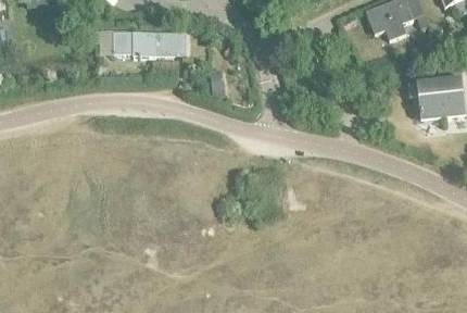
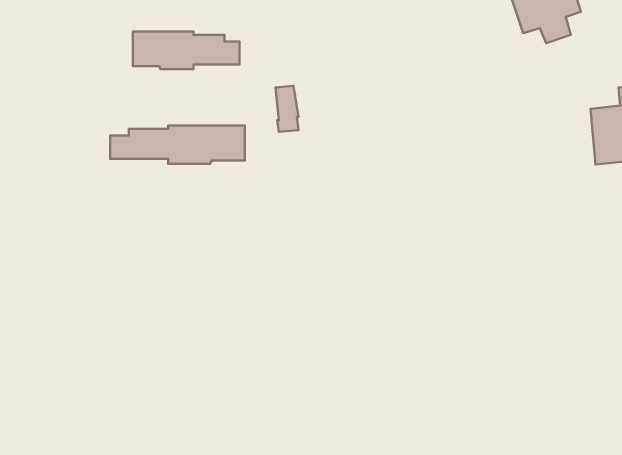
building: none -> [110,126,245,164]

